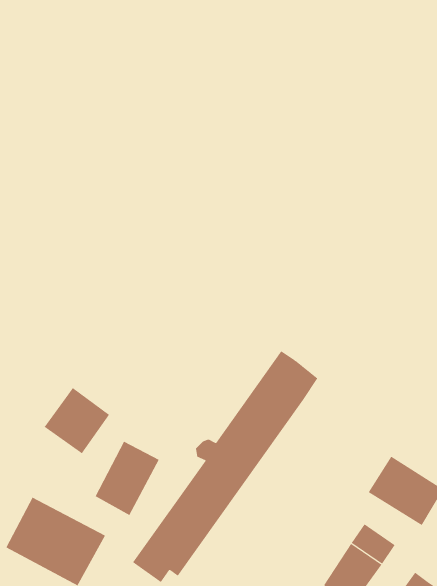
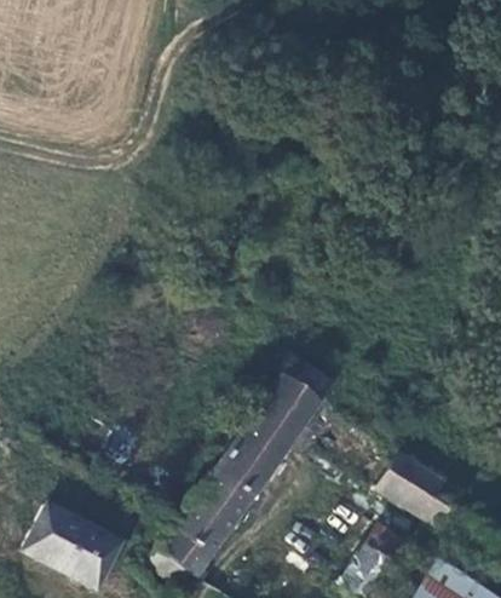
building: [44,387,110,454] -> none
building: [95,441,160,516] -> none

